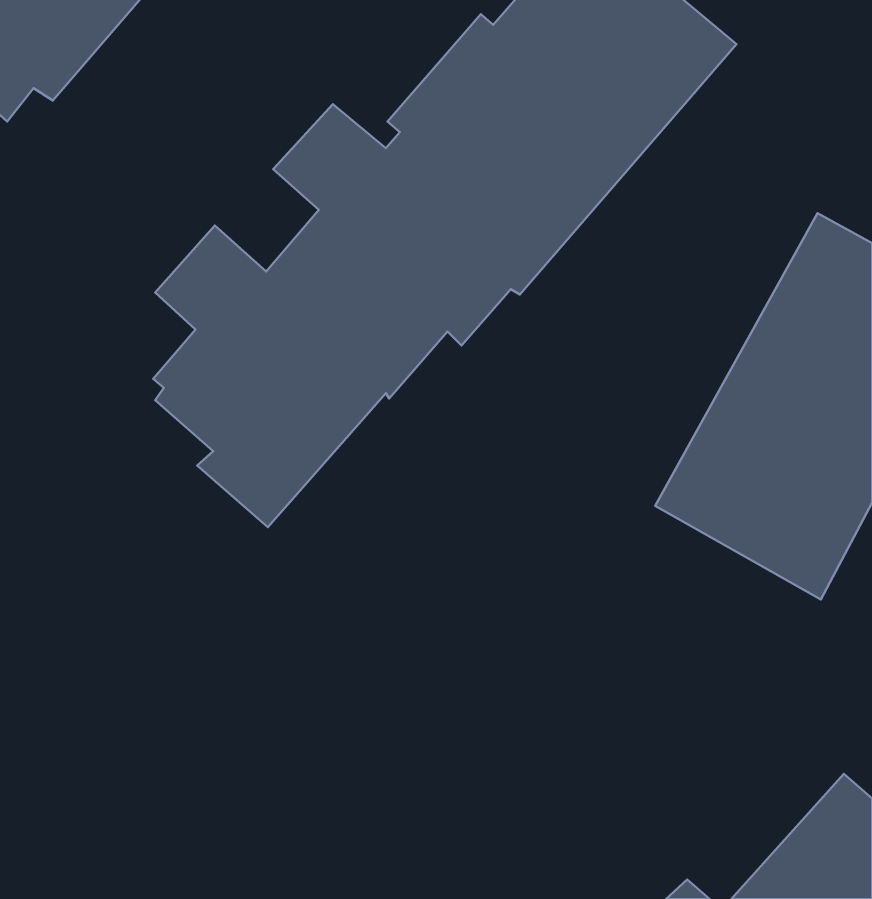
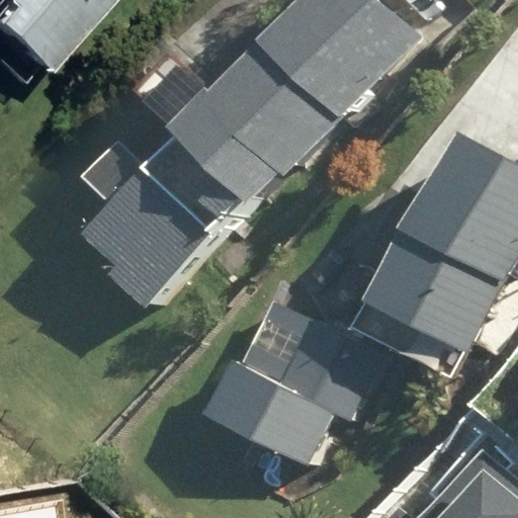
building: none -> [202,308,382,474]

